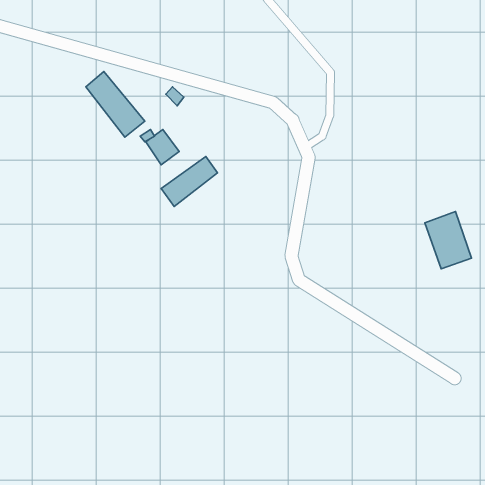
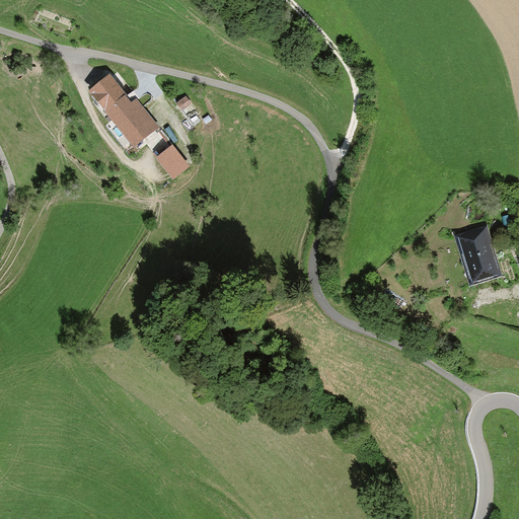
building: [161,156,218,206] -> none

